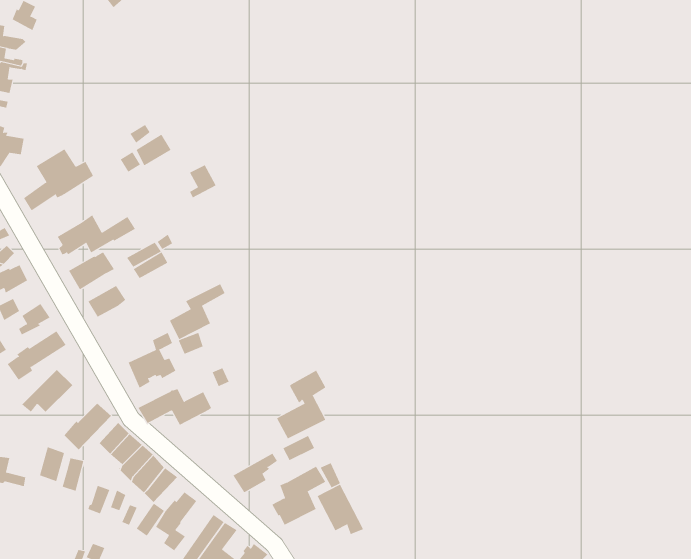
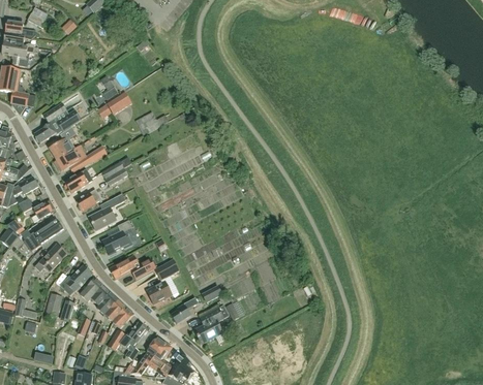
building: none -> [49,120,80,159]
building: [169,283,225,340] -> [88,194,124,230]
building: [276,370,326,439] -> [146,259,178,303]
building: [317,484,364,535] -> none

